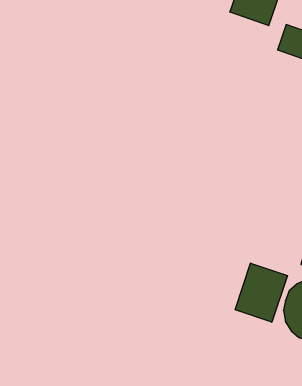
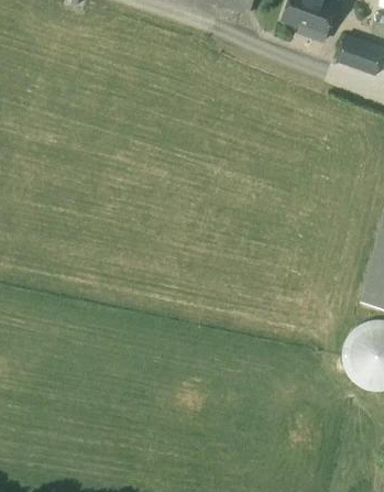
building: [235,263,287,322] -> none

